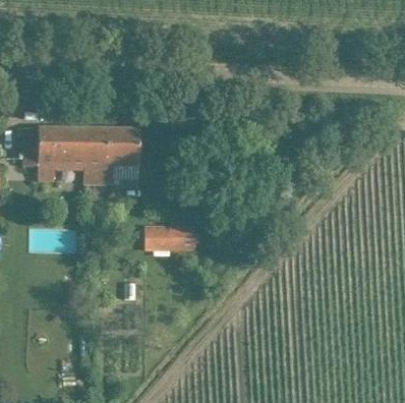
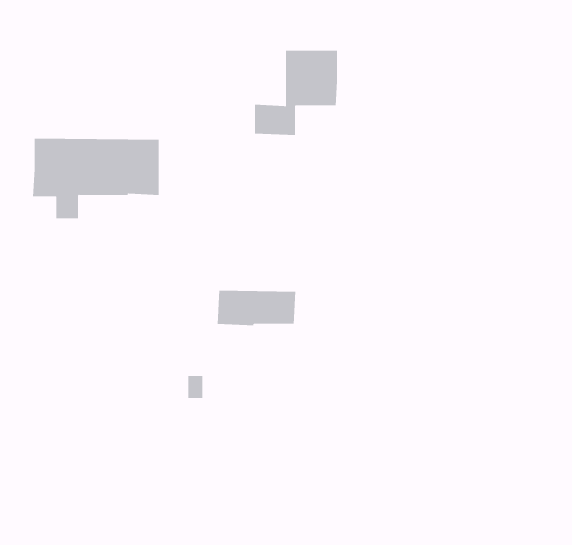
building: [86,128,141,184] -> [254,50,338,135]

